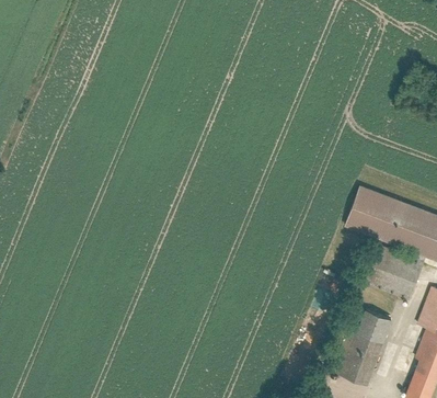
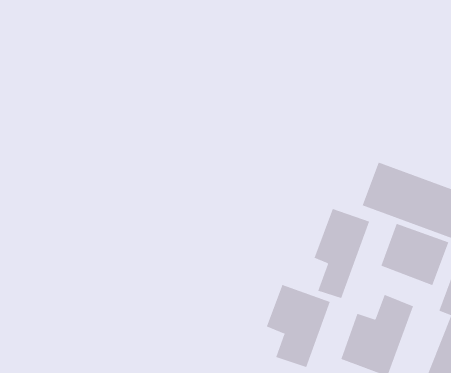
building: none -> [314,208,370,299]
building: none -> [266,284,331,368]

